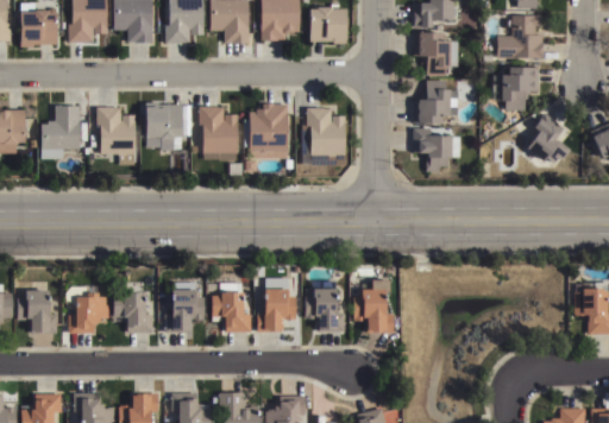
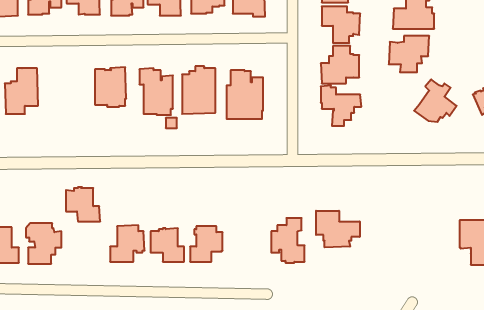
building: [95,107,136,164] -> none
building: none -> [316,211,360,247]
building: [304,282,344,332] -> none
building: [113,292,153,333] -> [66,187,100,221]

